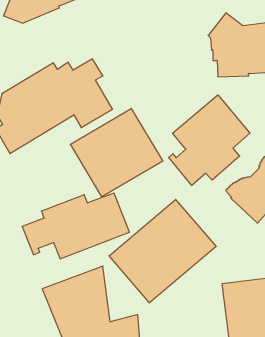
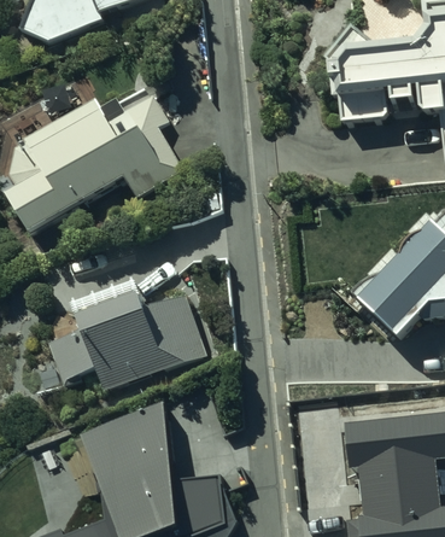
building: [169,95,250,185] -> none
building: [70,108,163,197] -> none
building: [109,199,216,303] -> none

